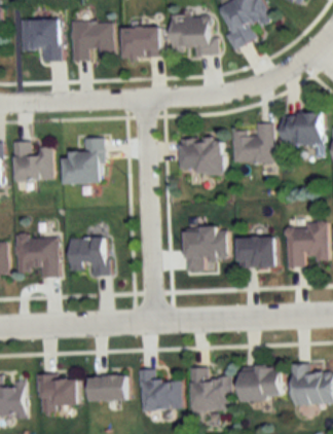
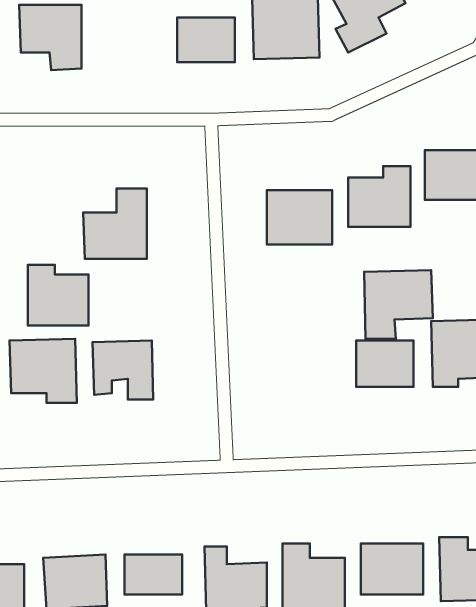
building: [70,23,112,62] -> none
building: [12,142,51,181] -> [28,265,89,326]
building: [183,227,227,272] -> [364,270,433,339]

